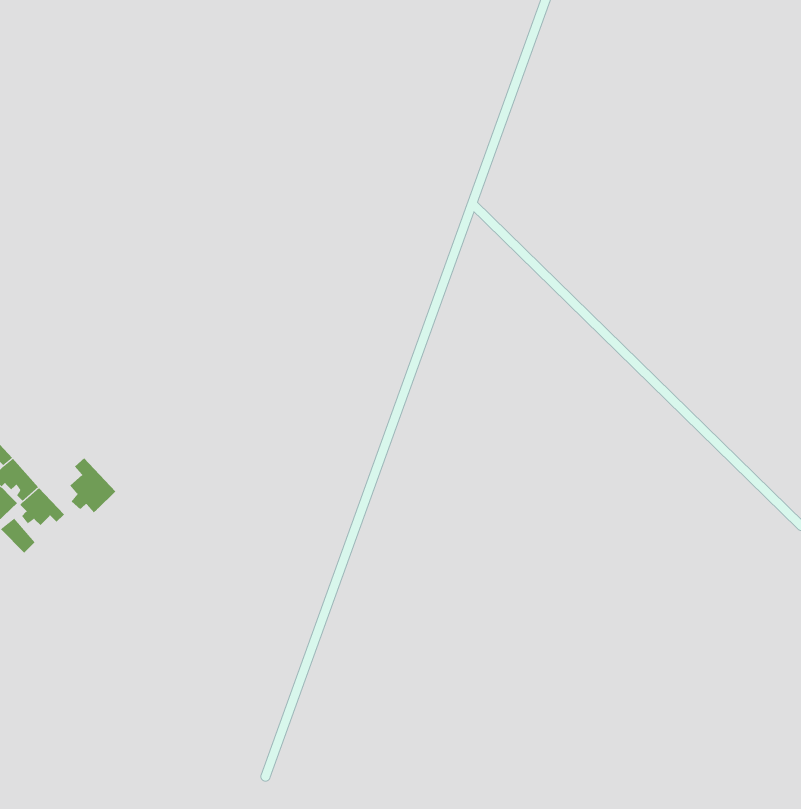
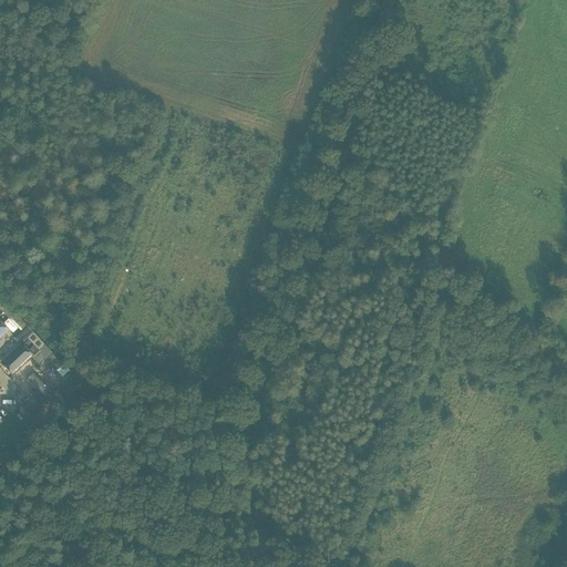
building: [69,457,116,513] -> none

